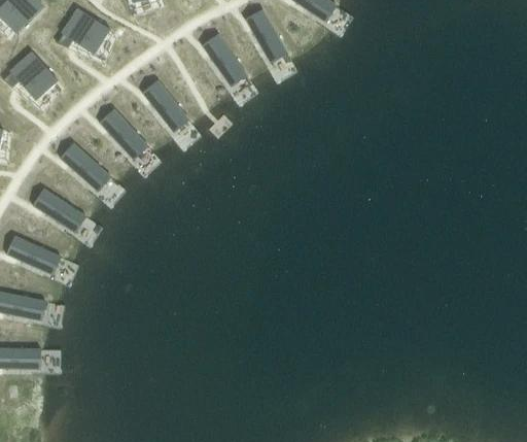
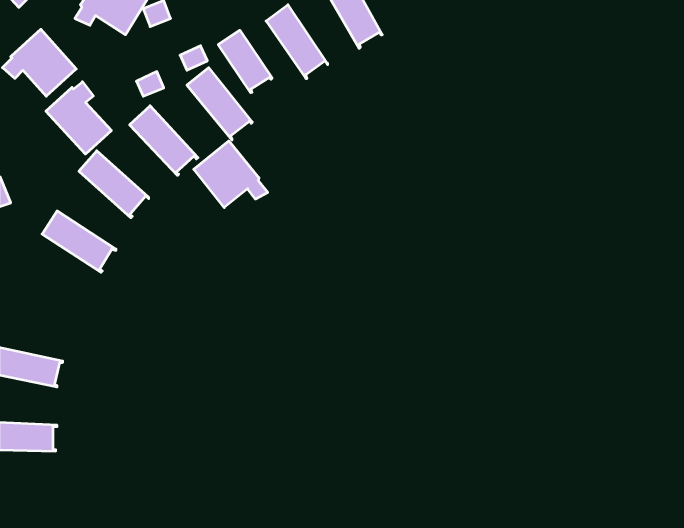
building: none -> [218,30,272,93]
building: none -> [46,82,111,154]
building: none -> [194,141,268,208]
building: [7,235,64,275] -> none

